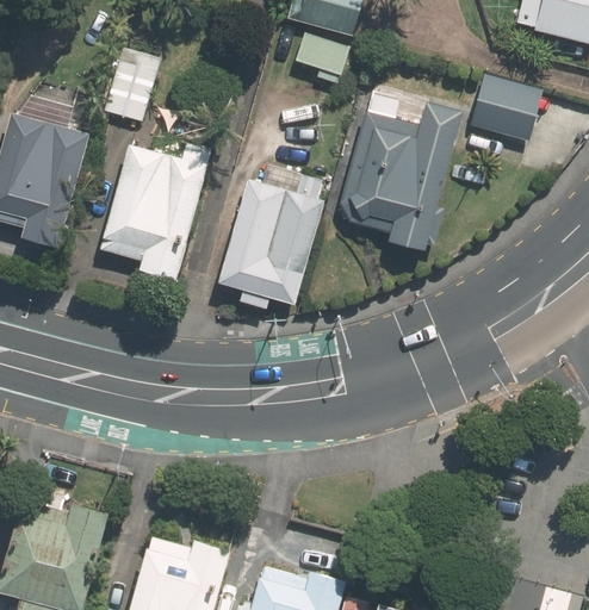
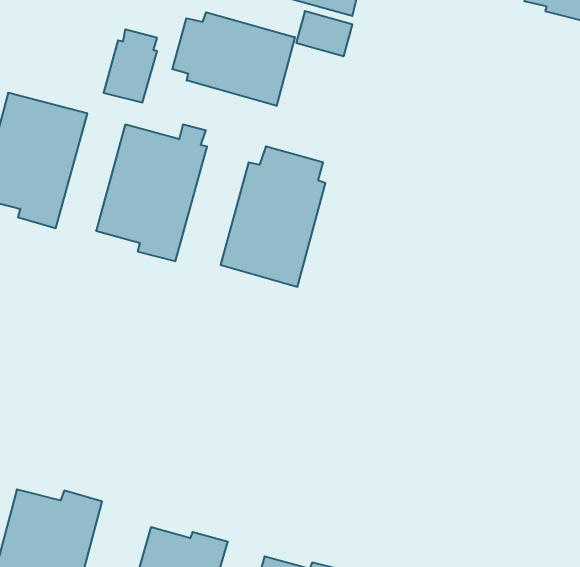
building: none -> [172,12,295,106]
building: [494,89,552,143] -> none
building: [329,108,452,255] -> none

